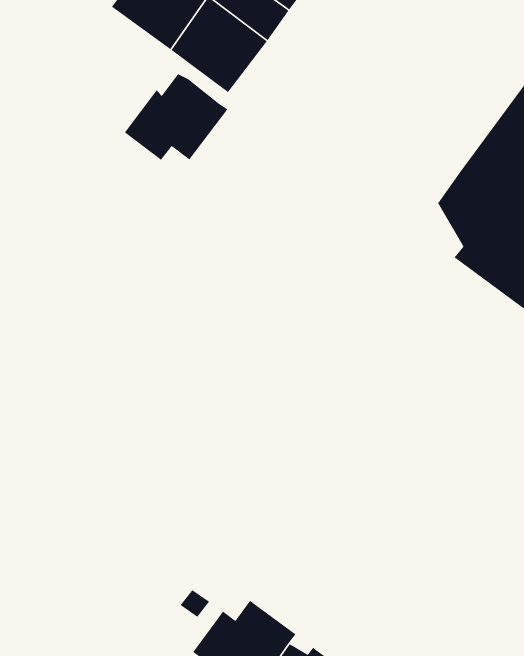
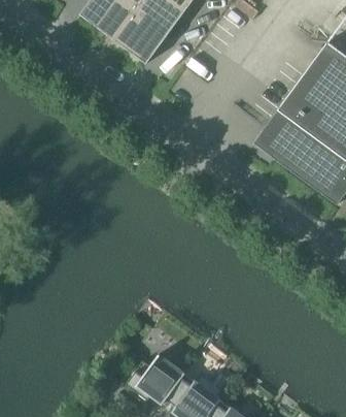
building: [124,73,228,161] -> none

